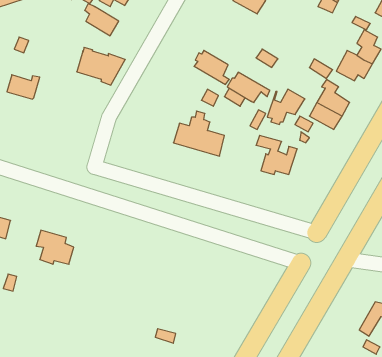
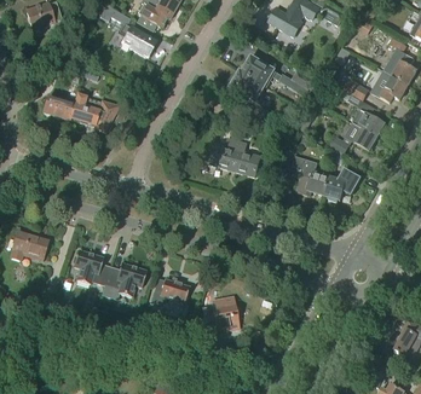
building: [77,47,125,85] -> [70,94,119,132]
building: [227,72,270,103] -> [240,57,282,87]
building: [267,89,305,124] -> [324,167,362,202]
building: none -> [105,262,146,296]
building: none -> [152,278,189,302]
building: none -> [214,297,241,331]

